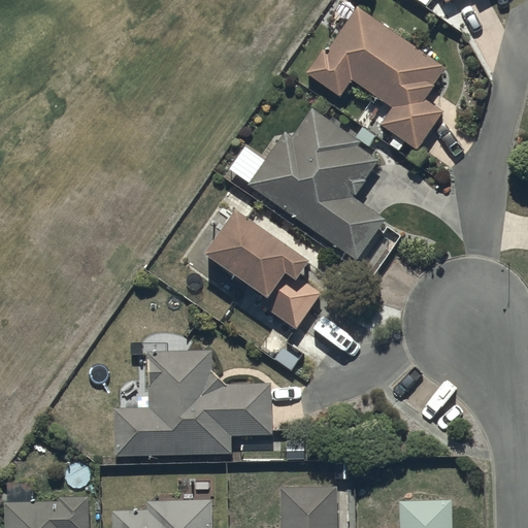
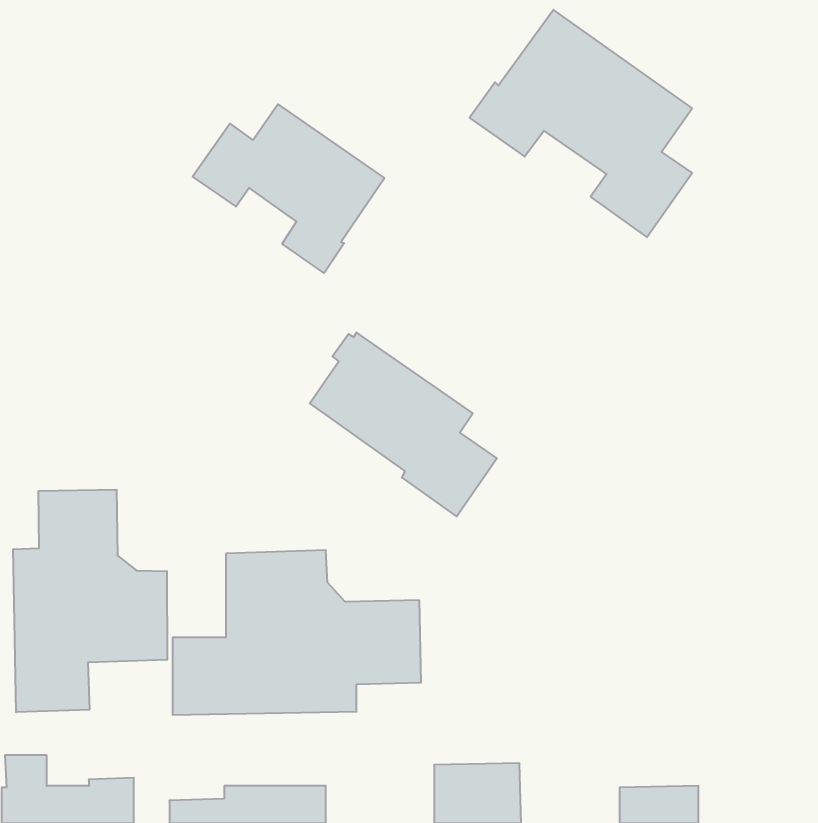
building: none -> [193,104,384,273]
building: [249,108,388,261] -> none
building: none -> [13,490,167,712]

